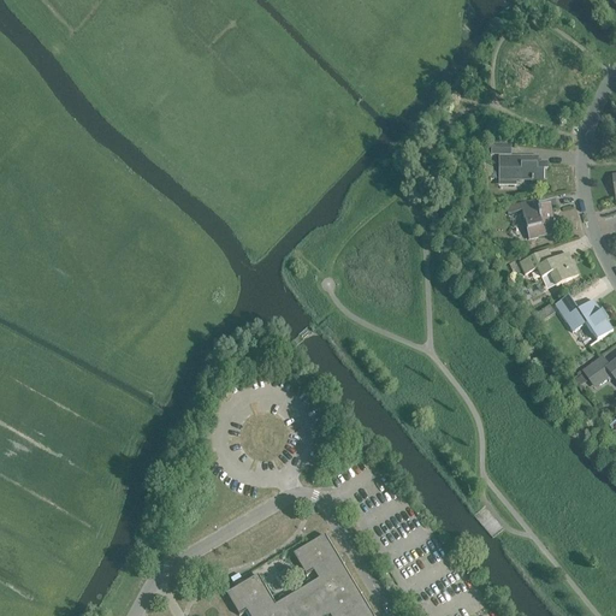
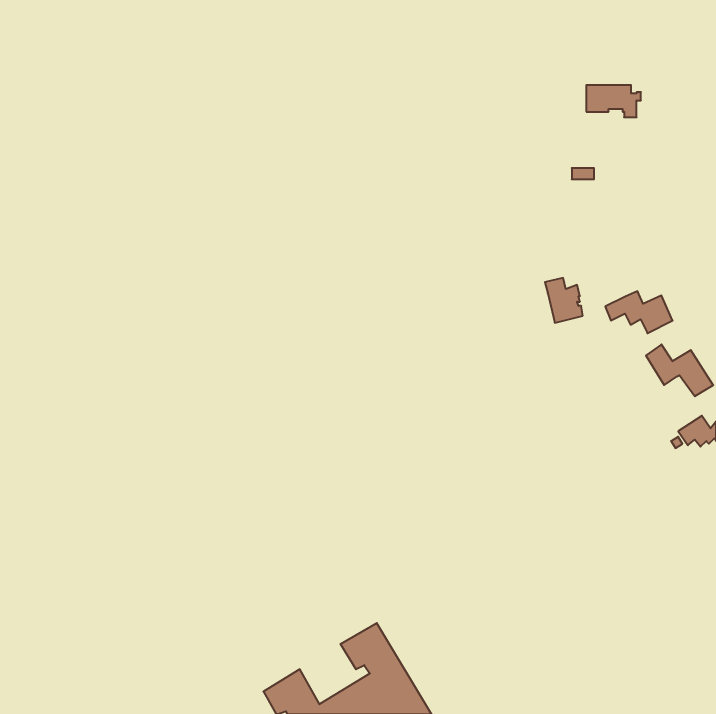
building: [499,156,546,184] -> [586,85,641,117]
building: [520,201,552,239] -> [545,278,583,323]

